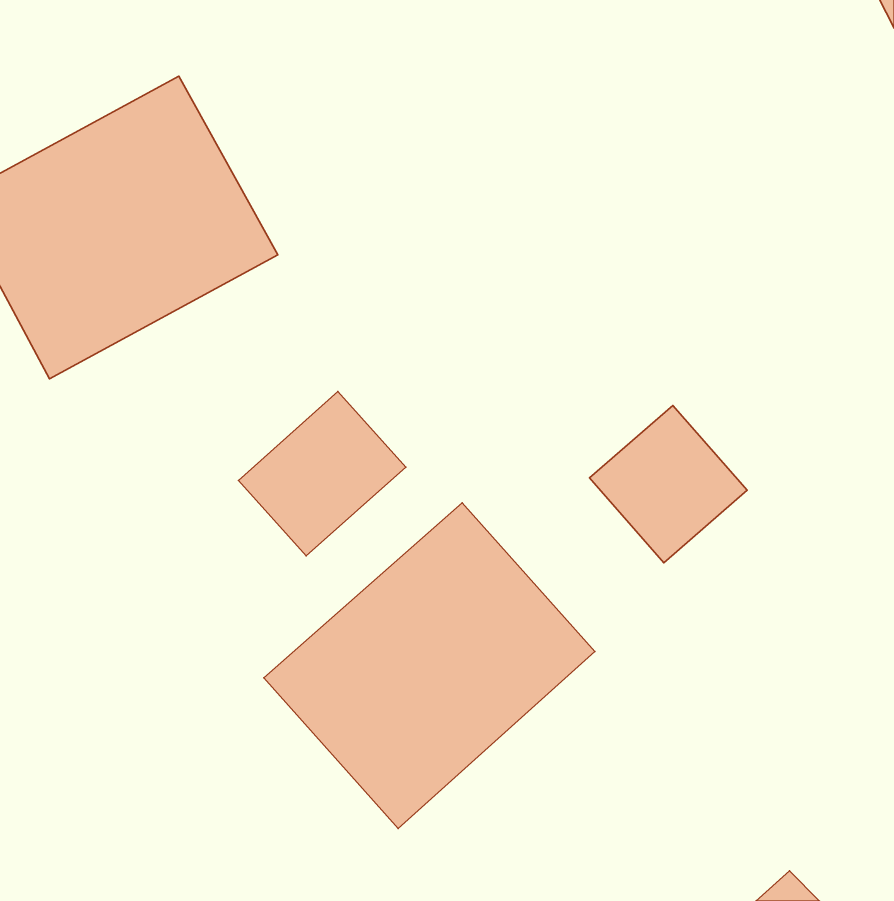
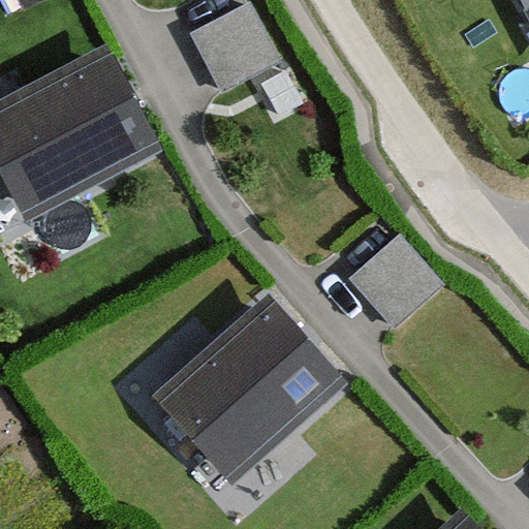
building: none -> [184,5,273,96]
building: [239,392,406,556] -> none

